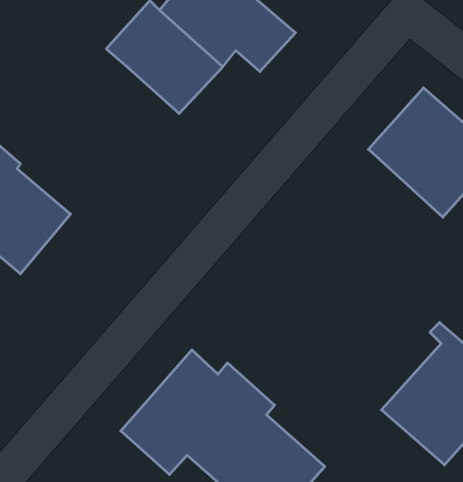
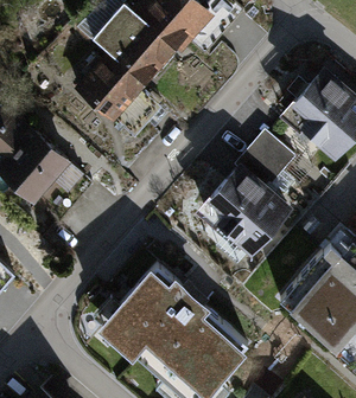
building: none -> [72,56,142,126]
building: none -> [203,135,297,264]

